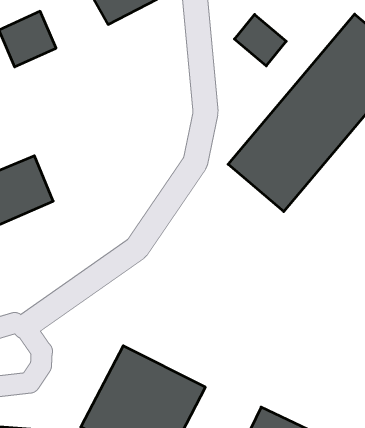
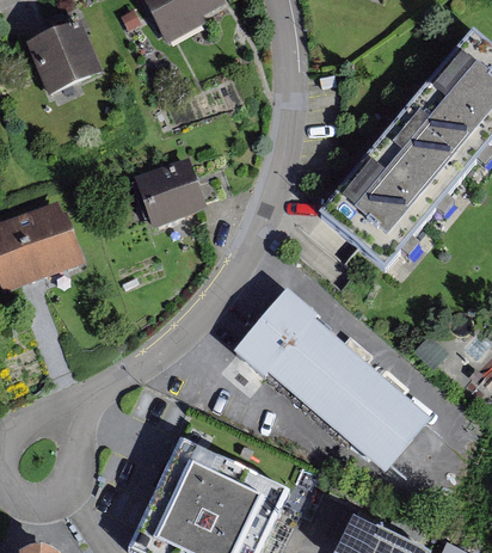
building: [234,14,286,66] -> none
building: none -> [139,159,208,232]
building: none -> [241,287,441,475]

